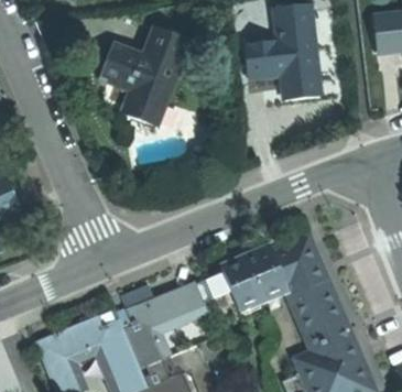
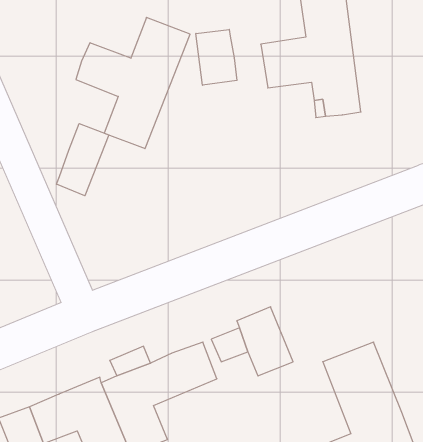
building: none -> [196,29,237,85]
building: none -> [56,124,109,196]
building: [251,235,332,296] -> none

